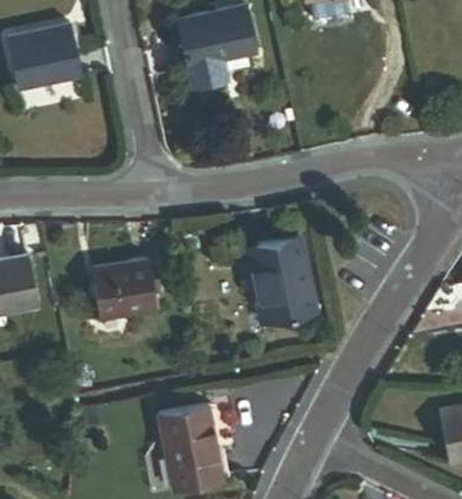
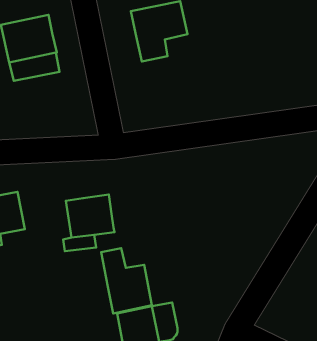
building: [246,234,314,318] -> none
building: none -> [101,248,152,314]

